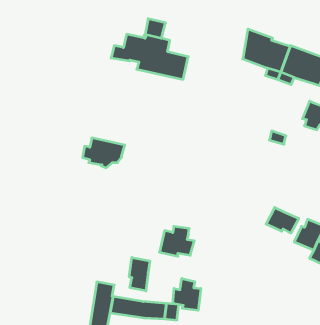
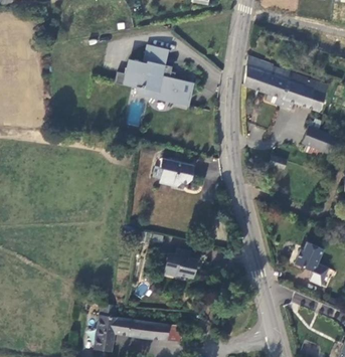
building: [83,138,125,168] -> [153,158,194,187]
building: [266,207,299,233] -> none
building: [129,257,150,291] -> none
building: [173,278,201,310] -> none

